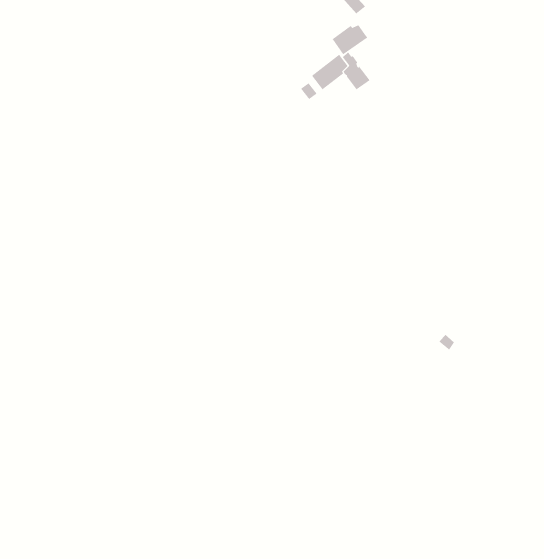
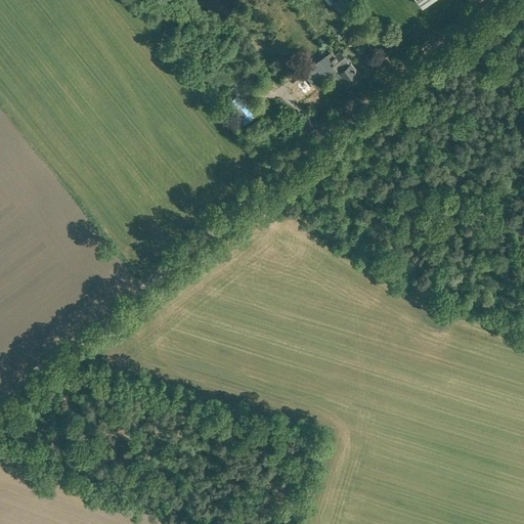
building: [332,25,368,55] -> none

